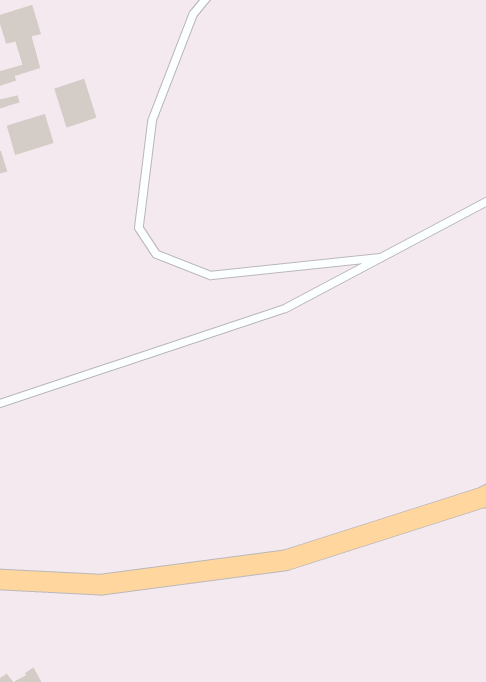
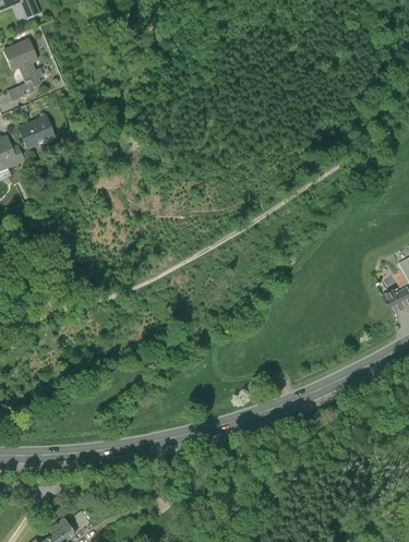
building: [53,78,97,129] -> none

